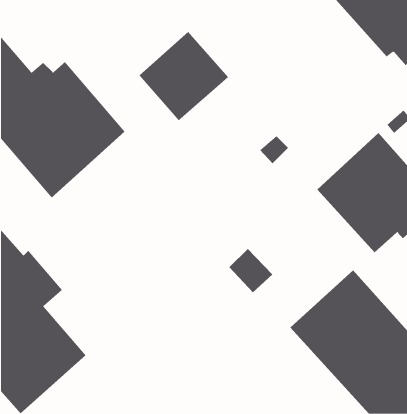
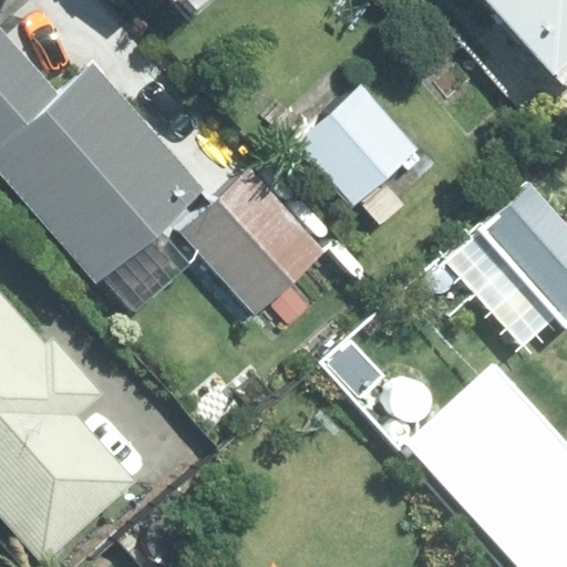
building: [138,31,229,121] -> [296,87,419,209]
building: none -> [183,167,327,313]

